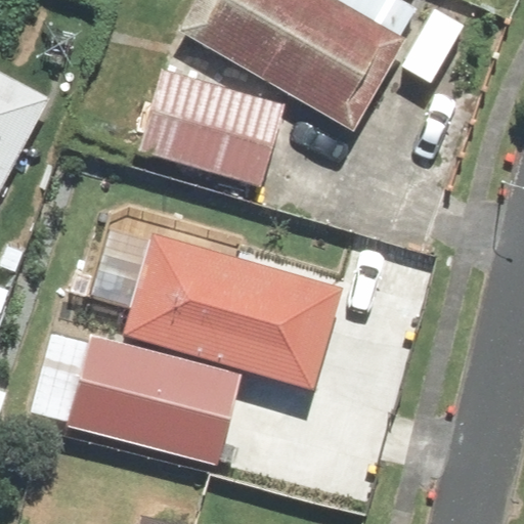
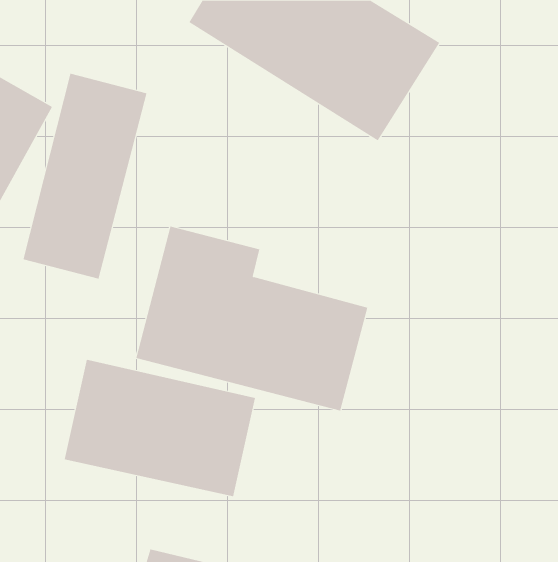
building: [132,68,281,185] -> none
building: none -> [23,73,147,279]

